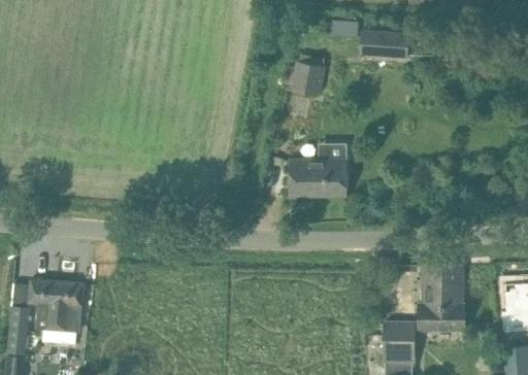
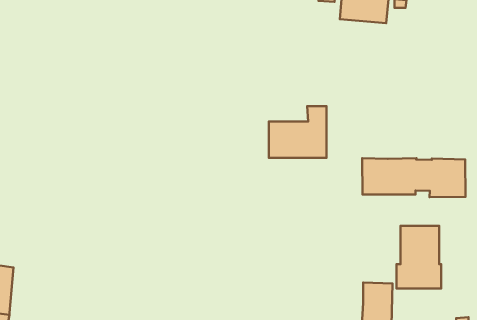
building: [292,61,324,96] -> none
building: none -> [362,158,466,197]
building: [29,279,84,332] -> none

